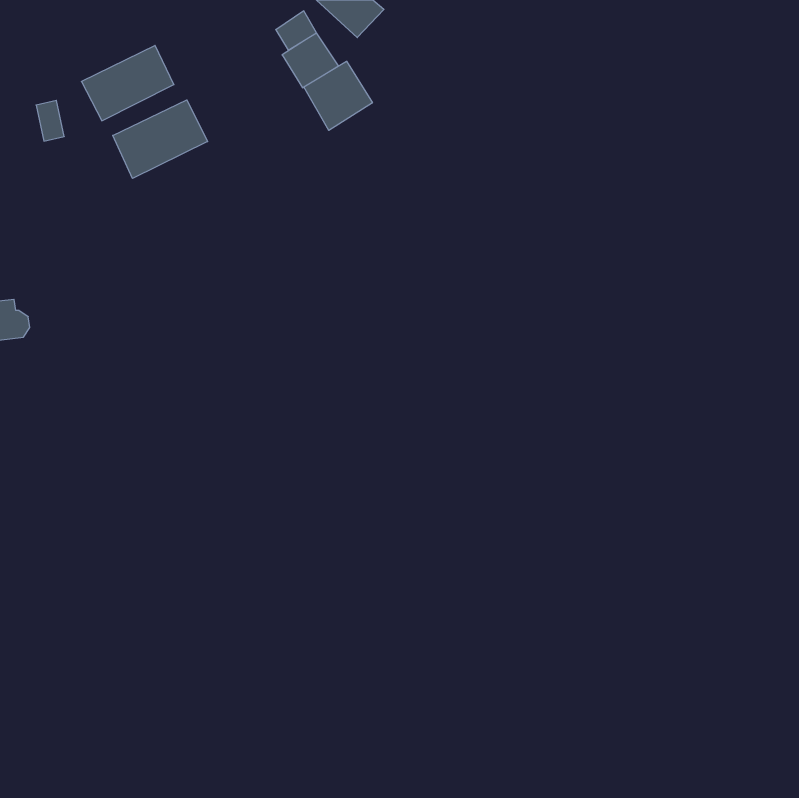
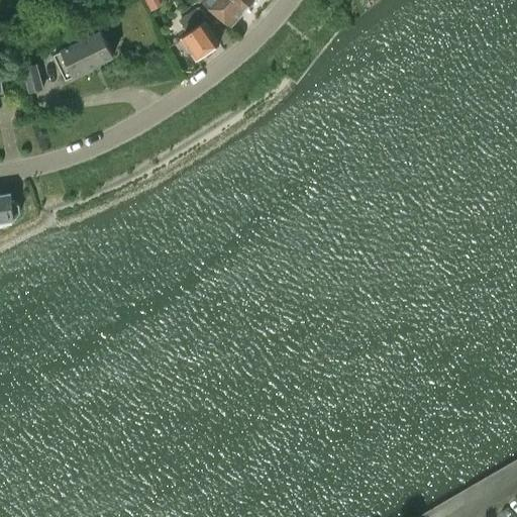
building: [304,61,372,130] -> none
building: [113,100,208,178] -> none

